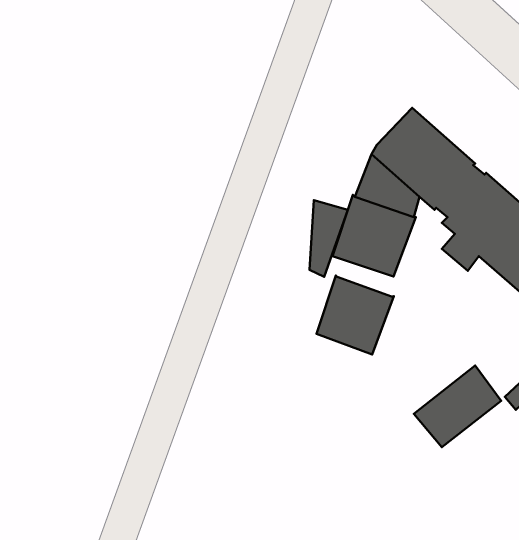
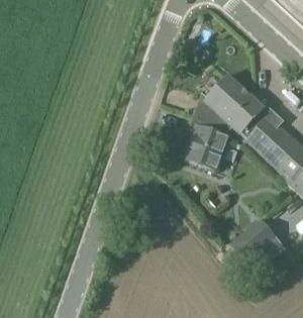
building: [309,200,348,277] -> none
building: [317,276,394,355] -> none

